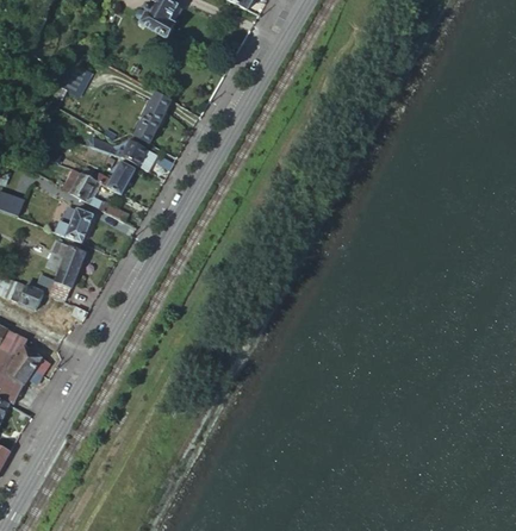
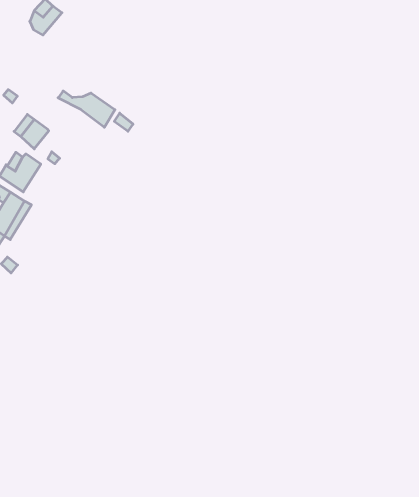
building: [133,90,170,142] -> none
building: [94,161,133,194] -> none

